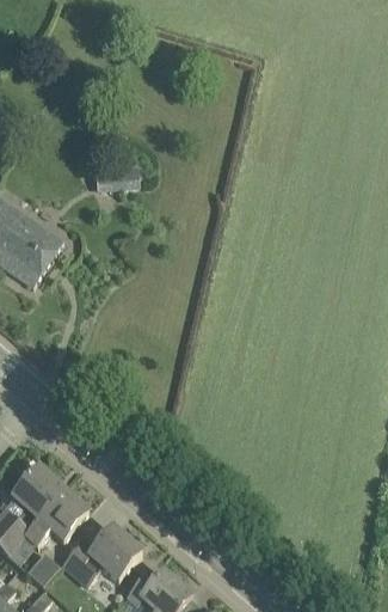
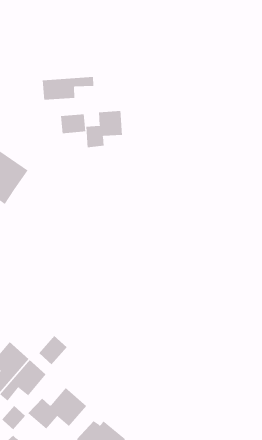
building: none -> [42,76,94,100]
building: none -> [86,110,123,148]
building: none -> [38,335,67,365]

